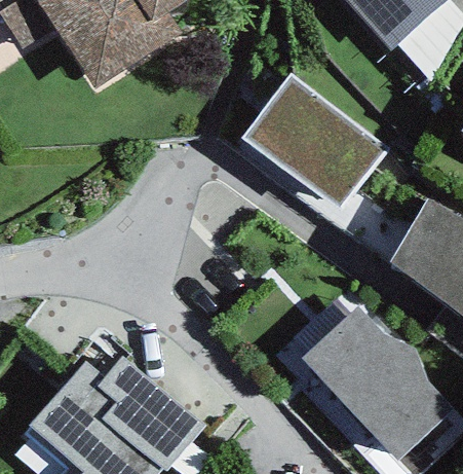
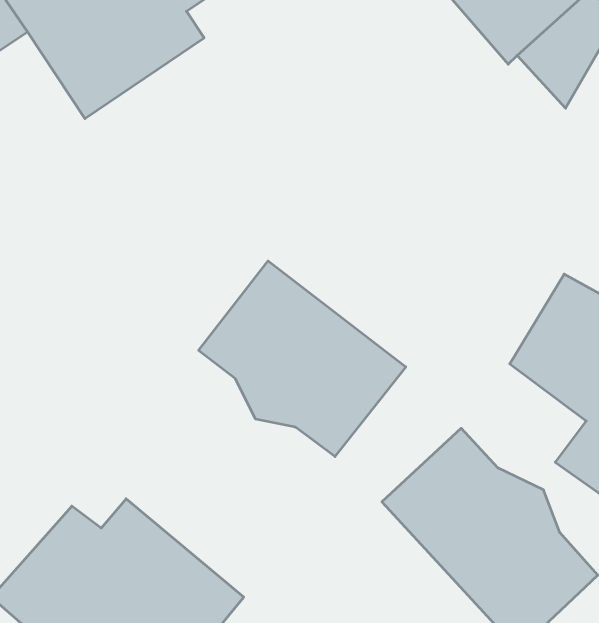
building: [240,73,388,212] -> none
building: none -> [199,261,406,457]

